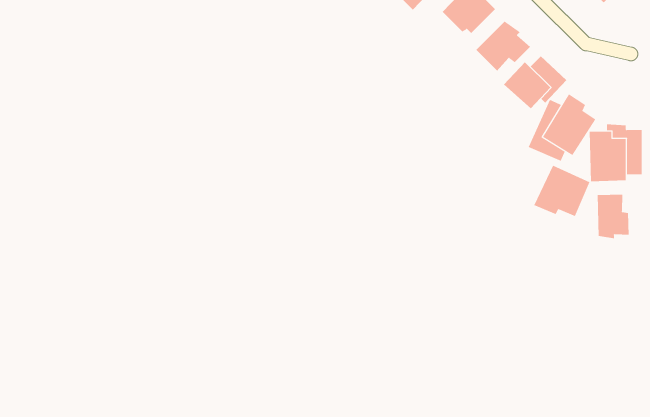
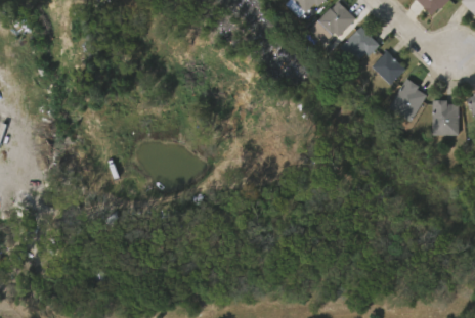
building: [534,165,590,217] -> none
building: [597,194,629,239] -> none

